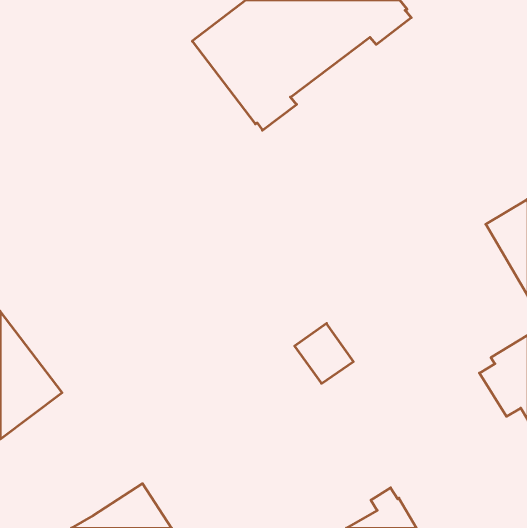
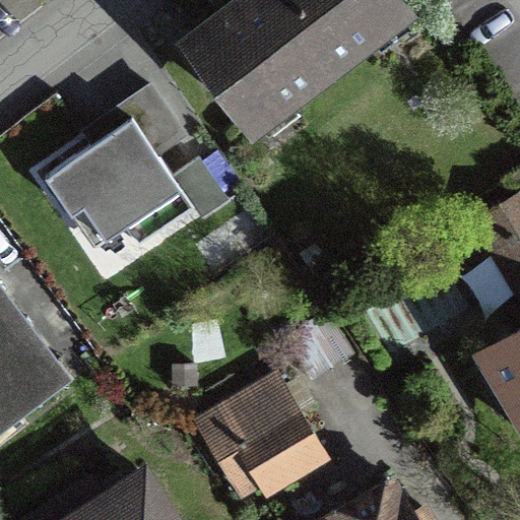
building: none -> [44,118,193,248]
building: none -> [203,384,313,481]

